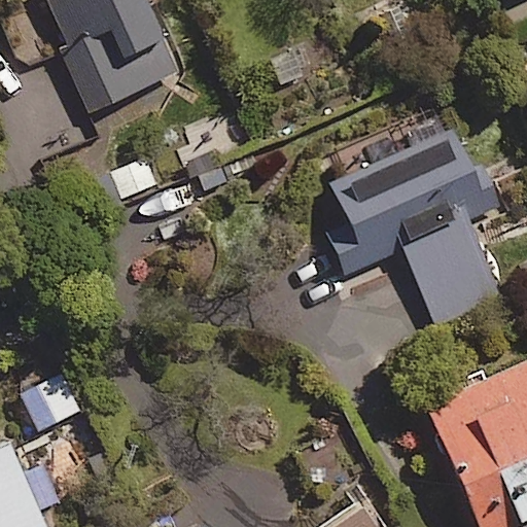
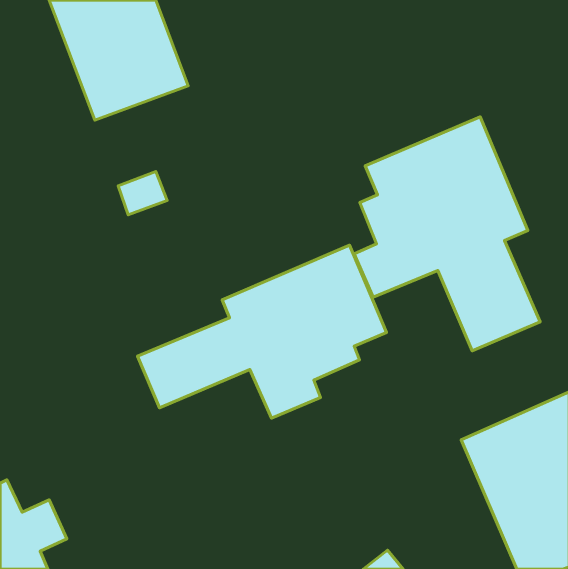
building: none -> [137,245,387,418]

